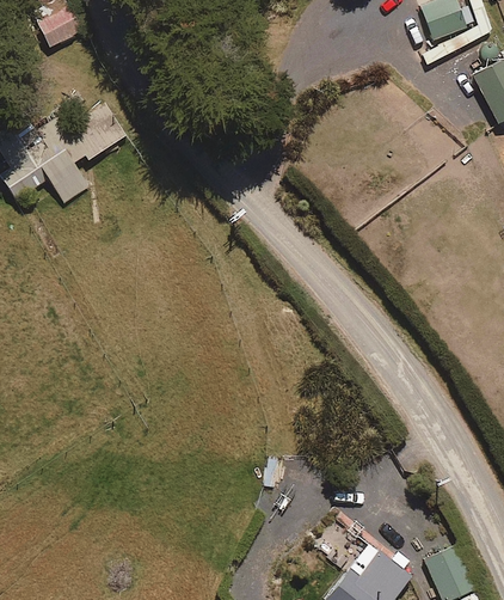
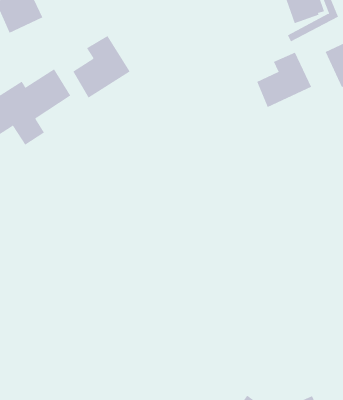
building: none -> [72,35,131,98]
building: none -> [257,52,312,108]

